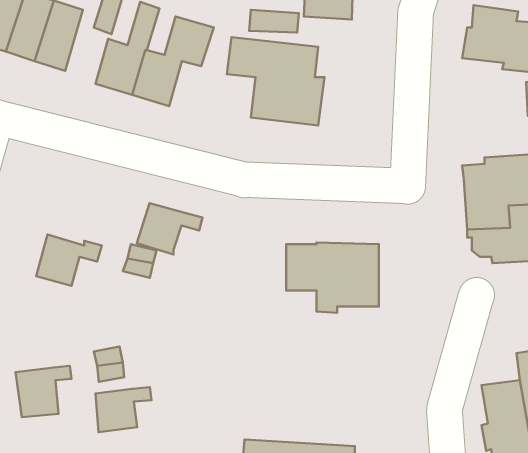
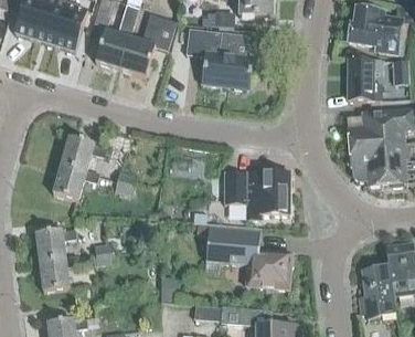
building: none -> [348,57,382,99]
building: [137,203,202,255] -> [61,136,106,171]
building: none -> [204,224,290,287]
building: [95,387,152,432] -> [36,228,75,259]

